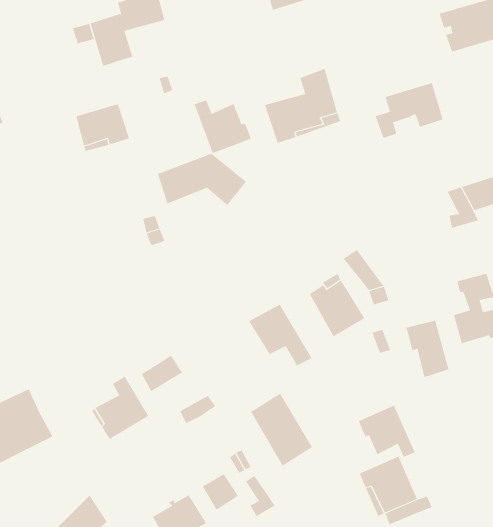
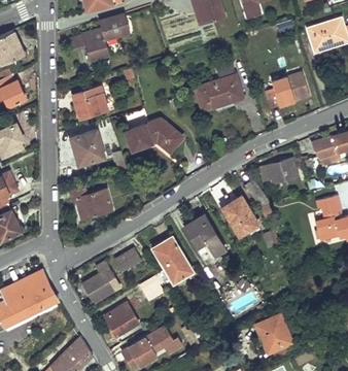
building: [194,99,251,154] -> none
building: none -> [70,130,104,164]
building: none -> [260,159,298,184]
building: none -> [69,188,112,218]
building: [406,320,449,378] -> none
building: [250,393,313,466] -> [152,236,193,283]
building: [358,405,415,458] -> none
building: none -> [106,303,139,337]

